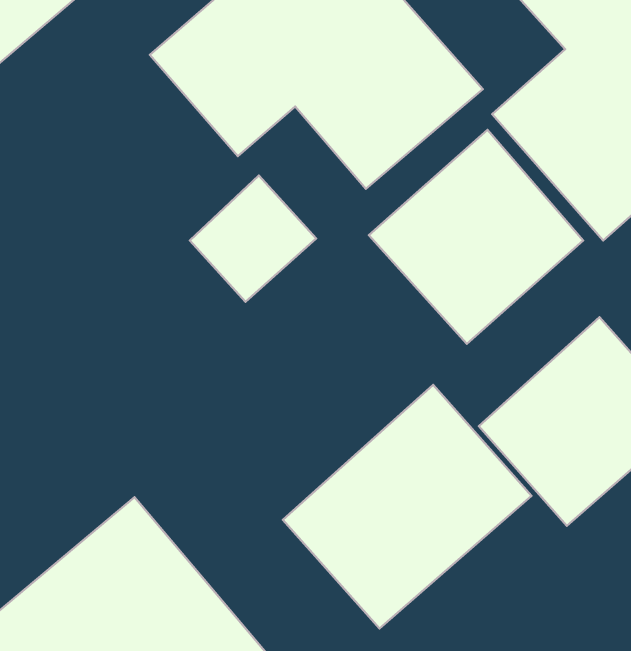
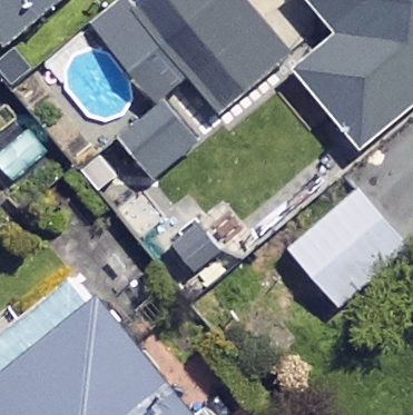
building: [369,130,583,344] -> none
building: [283,385,532,628] -> none

